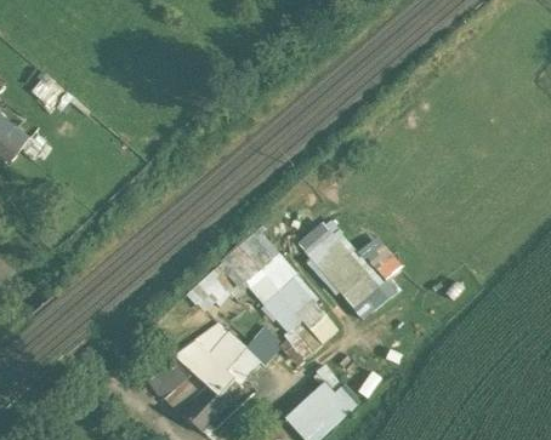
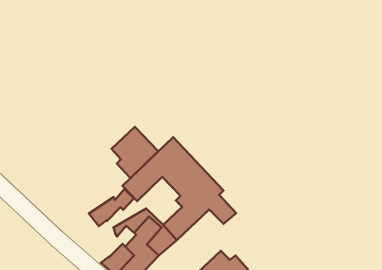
building: none -> [112,127,158,178]
building: [309,225,405,309] -> none
building: [147,347,208,396] -> [89,189,134,226]

